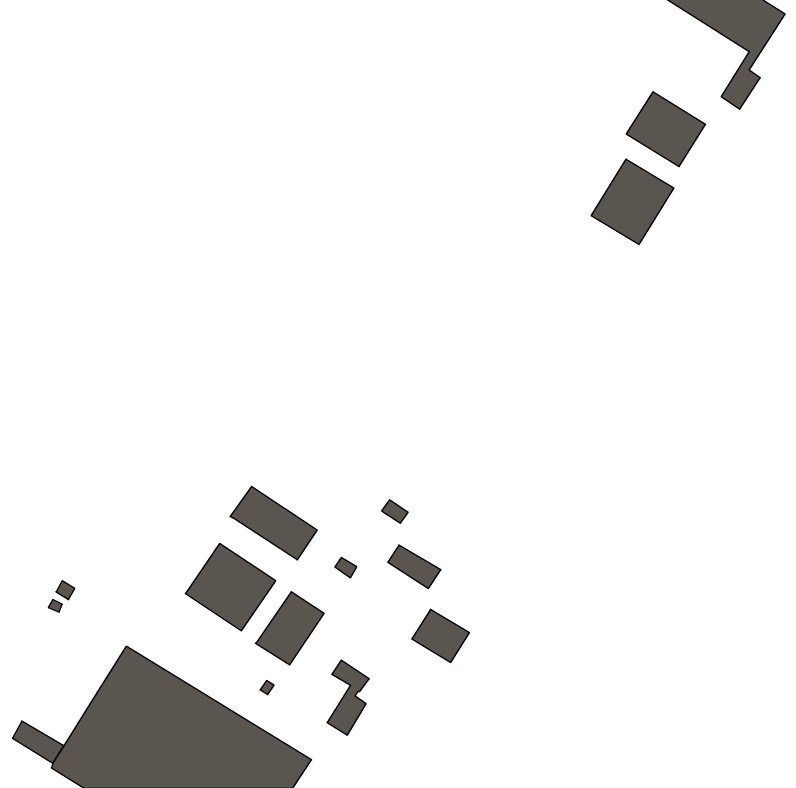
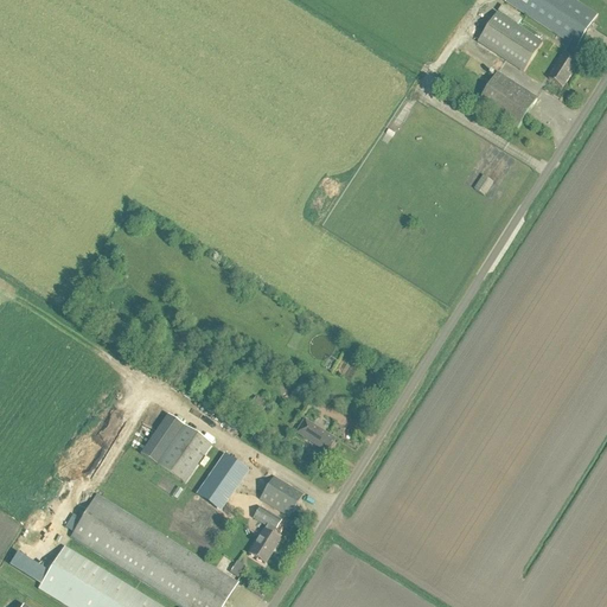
building: none -> [478,11,543,70]
building: [591,159,674,245] -> none
building: [230,486,317,560] -> none
building: [412,609,469,662] -> [258,473,302,513]

